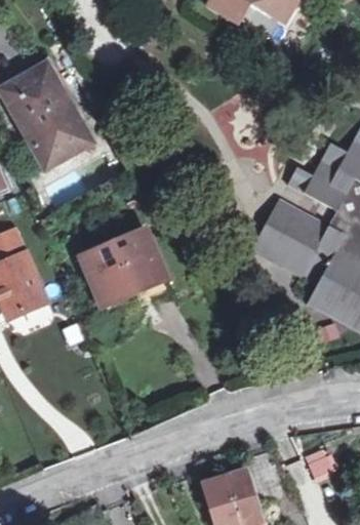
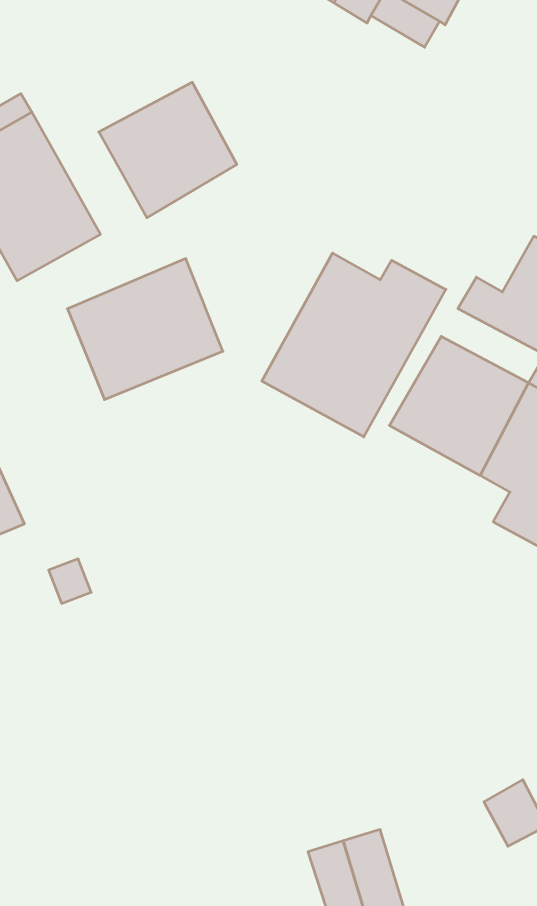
building: none -> [99,82,237,218]
building: none -> [262,253,446,437]
building: [81,228,167,306] -> [67,259,223,400]

